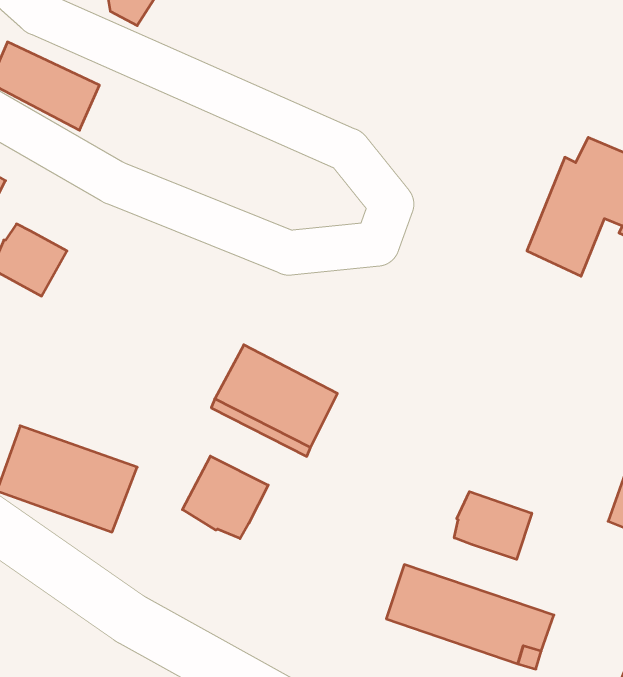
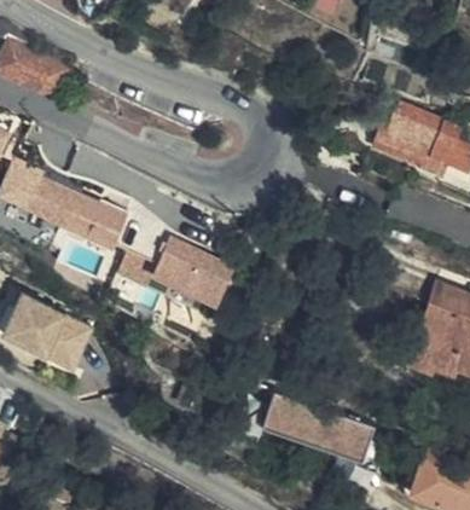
building: none -> [33,179,124,251]
building: [182,456,268,539] -> none
building: [454,492,532,559] -> none

